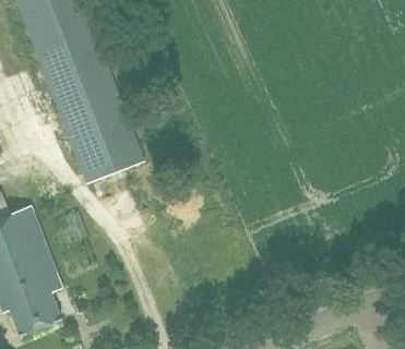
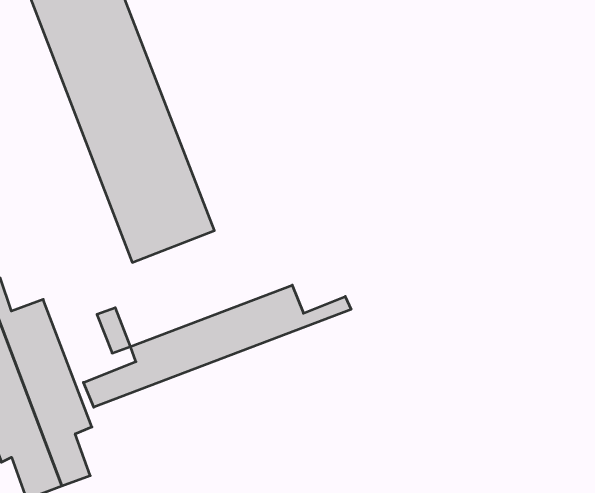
building: none -> [83,285,351,407]

